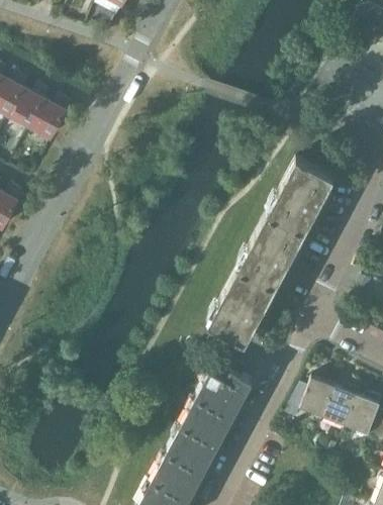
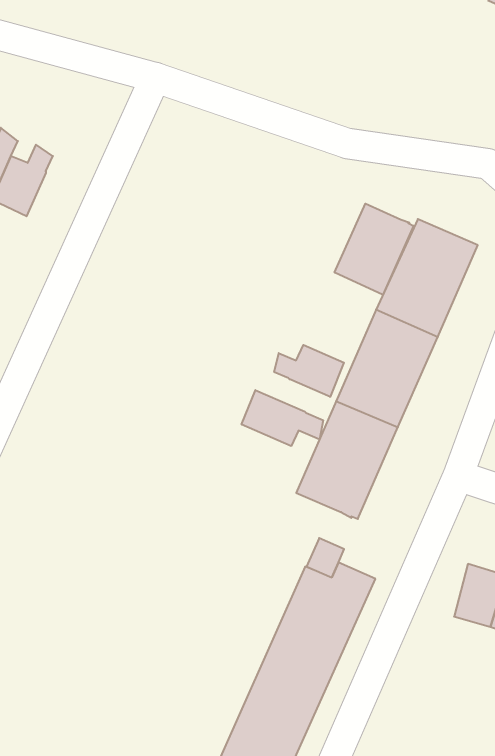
building: none -> [335,204,414,295]
building: none -> [274,345,344,397]
building: none -> [242,390,323,446]

